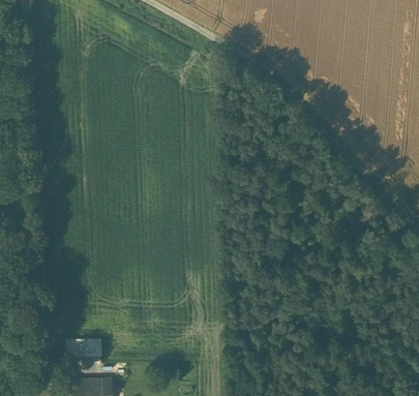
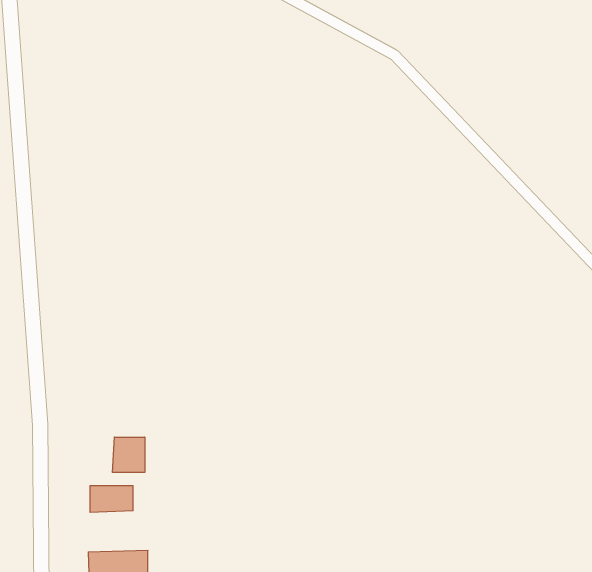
building: none -> [112,437,145,472]

